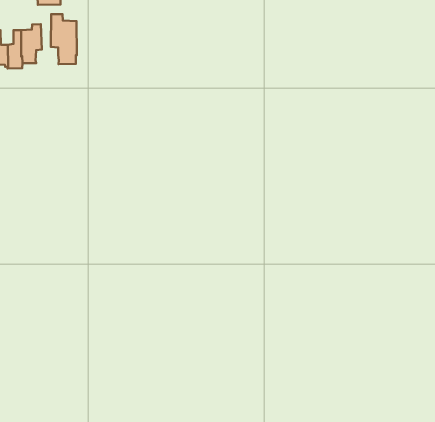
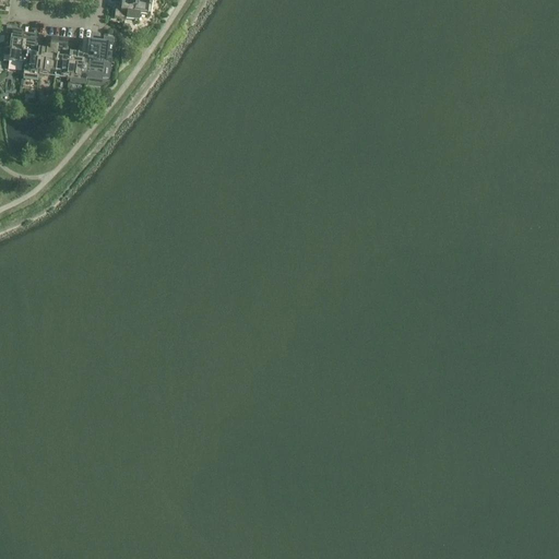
building: [51,14,77,64] -> none

